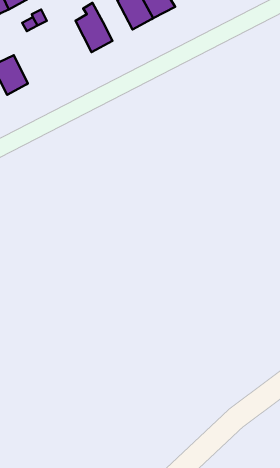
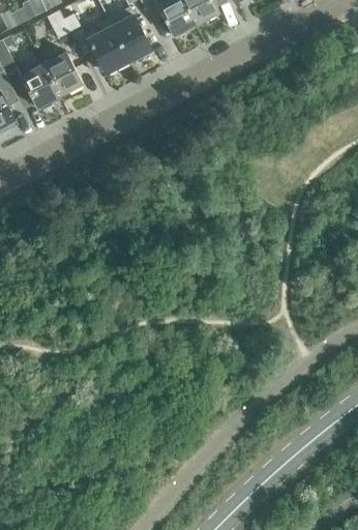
building: none -> [84,25,128,71]
building: none -> [43,51,83,94]

